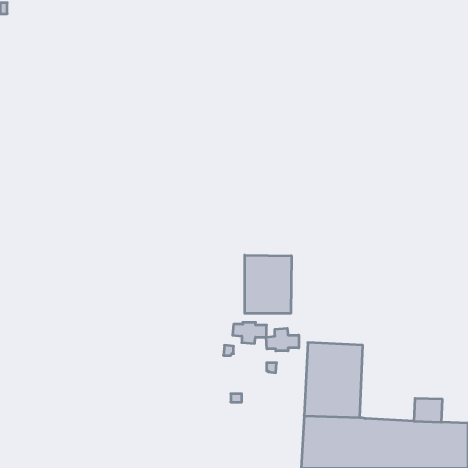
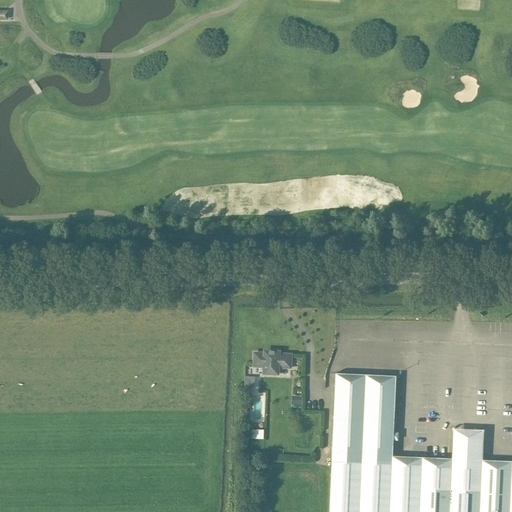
building: [245,255,291,313] -> none
building: [266,328,299,351] -> none

